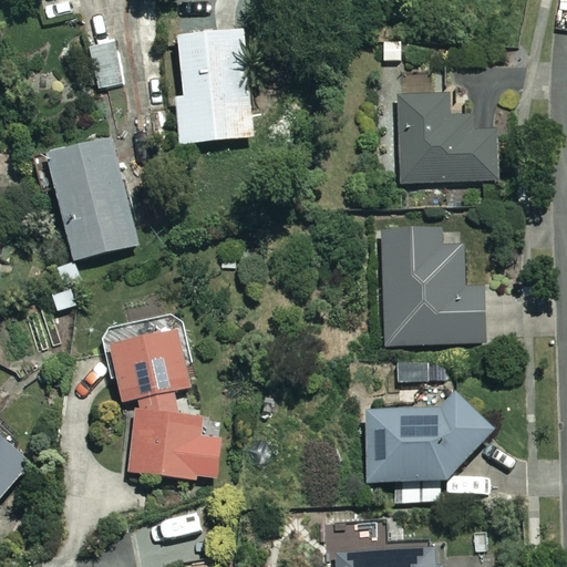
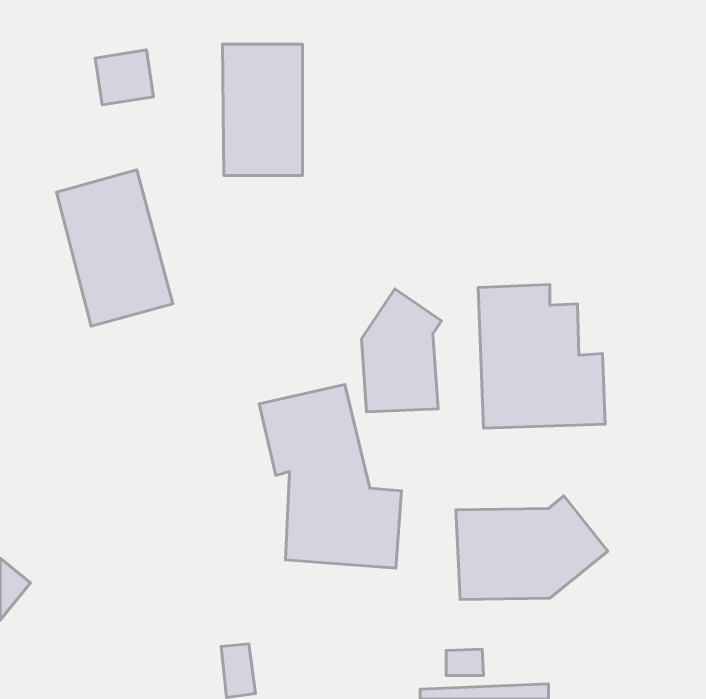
building: [400,68,501,179] -> none
building: none -> [361,289,442,412]
building: [107,332,221,480] -> [259,384,402,568]

